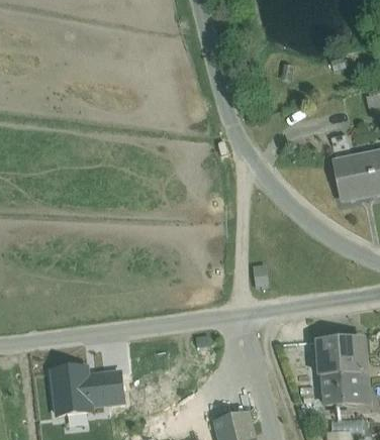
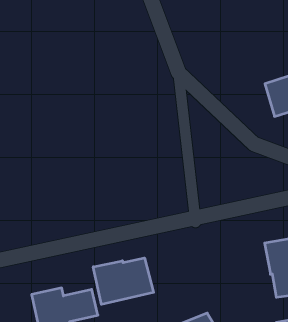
building: none -> [93,258,154,304]

